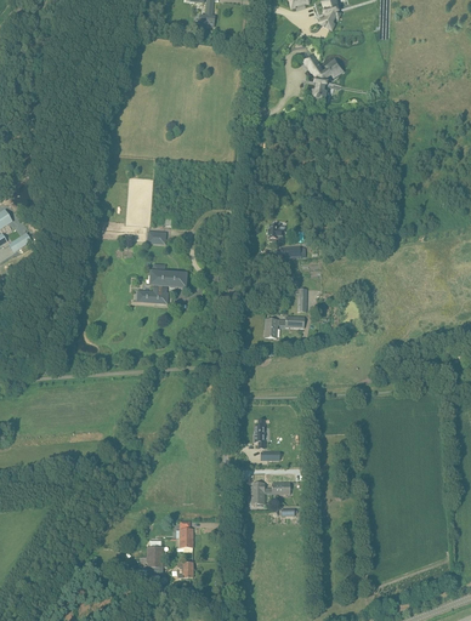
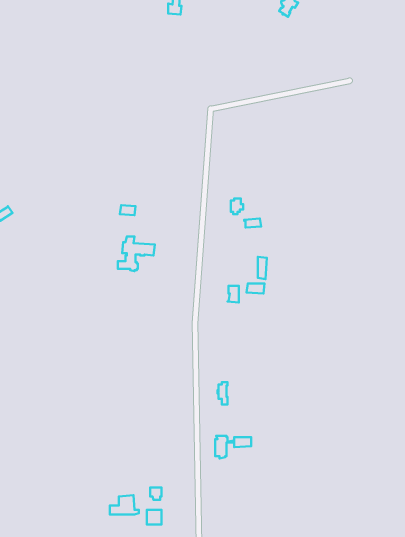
building: [303,55,342,98] -> none

